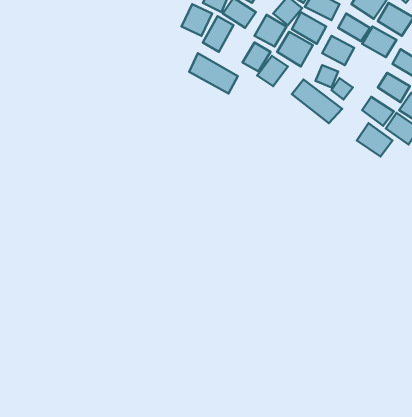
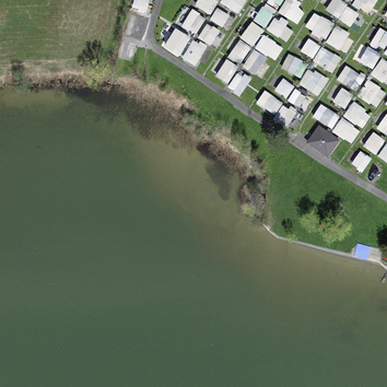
building: none -> [298,68,329,96]
building: [189,53,238,94] -> none

